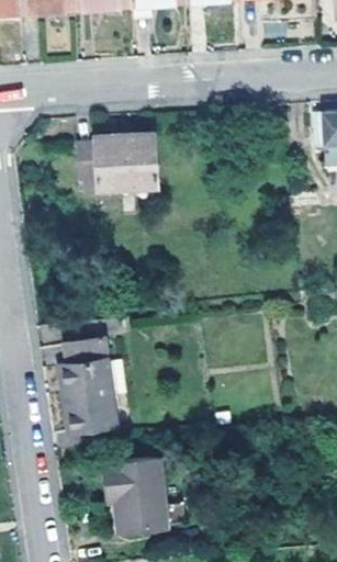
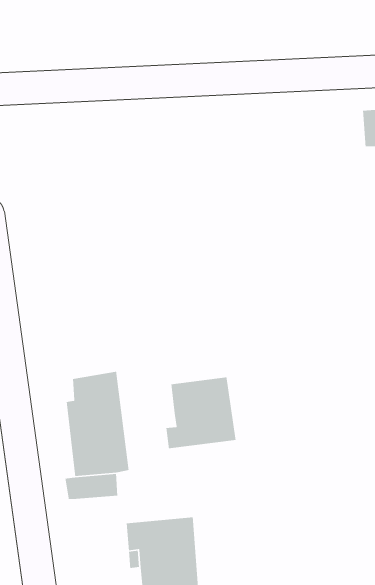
building: [80,128,160,191] -> none
building: none -> [166,376,237,449]

